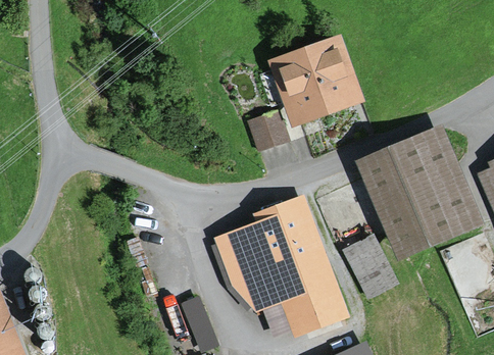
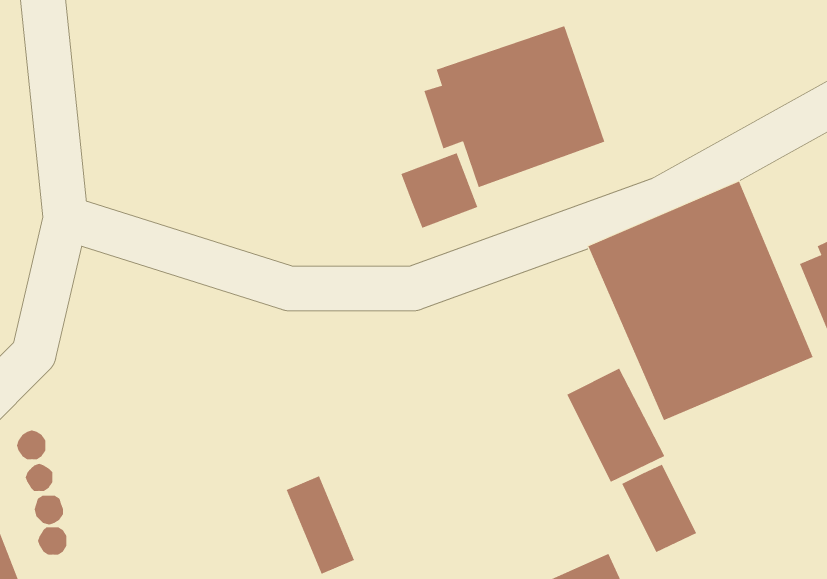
building: [210,193,349,337] -> none
building: none -> [622,464,697,553]

